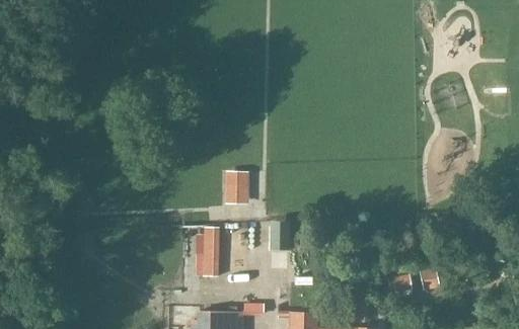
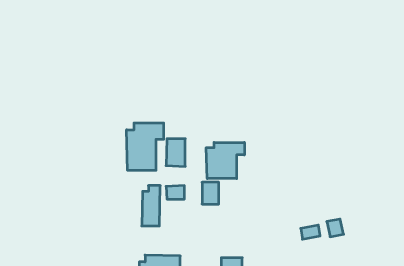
building: none -> [127,123,164,170]
building: none -> [206,142,244,179]

